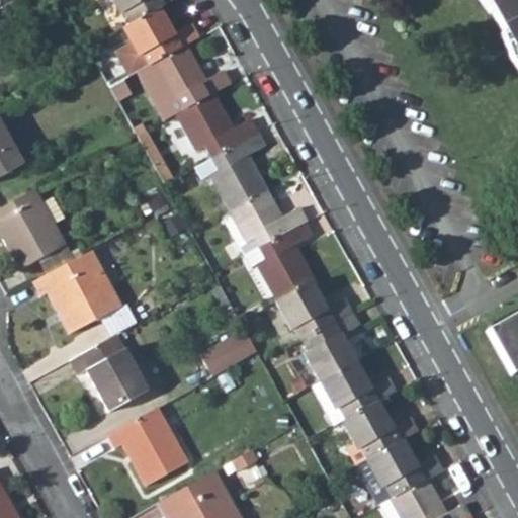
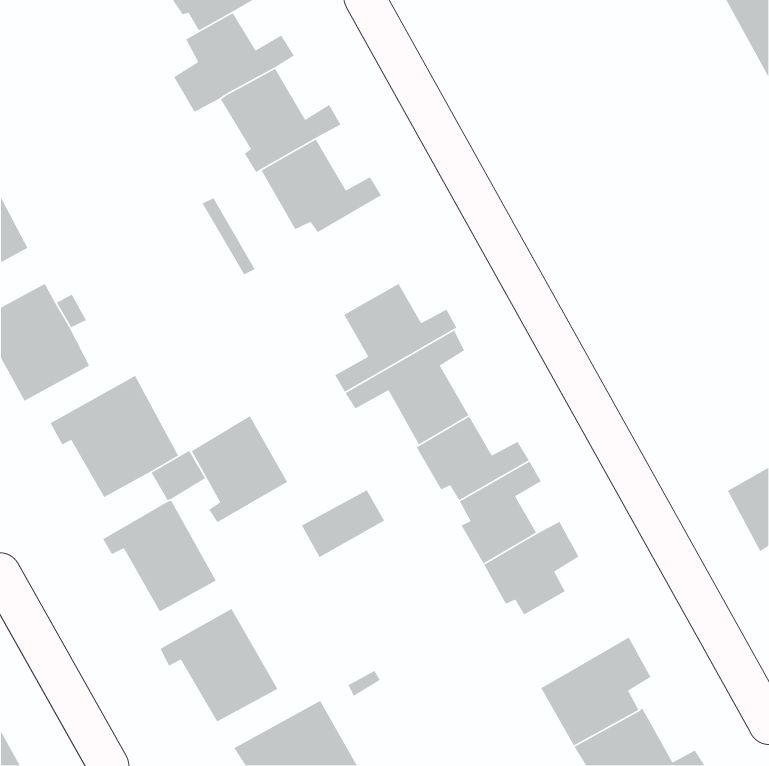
building: [208,132,268,211] -> none
building: none -> [191,415,288,523]
building: [346,398,421,454] -> none

